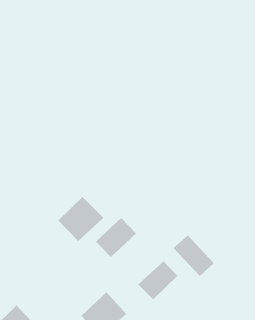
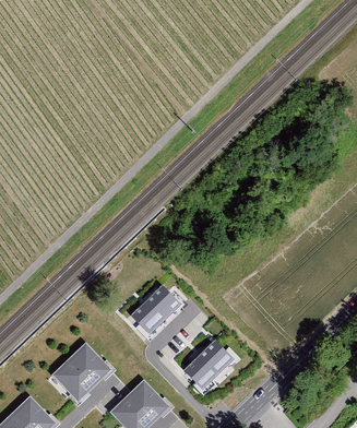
building: [58,196,104,242] -> [53,344,112,402]
building: [172,234,214,277] -> none

